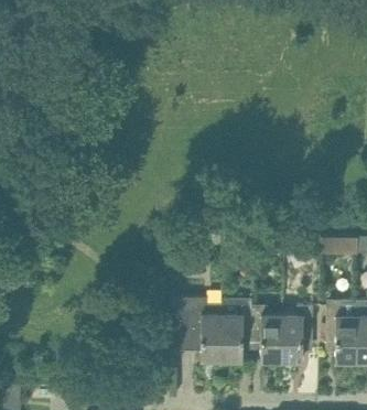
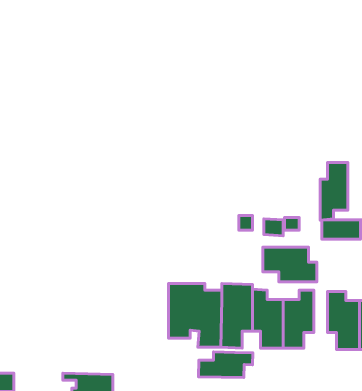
building: none -> [320,163,348,220]
building: none -> [263,247,317,282]
building: none -> [198,352,253,378]

